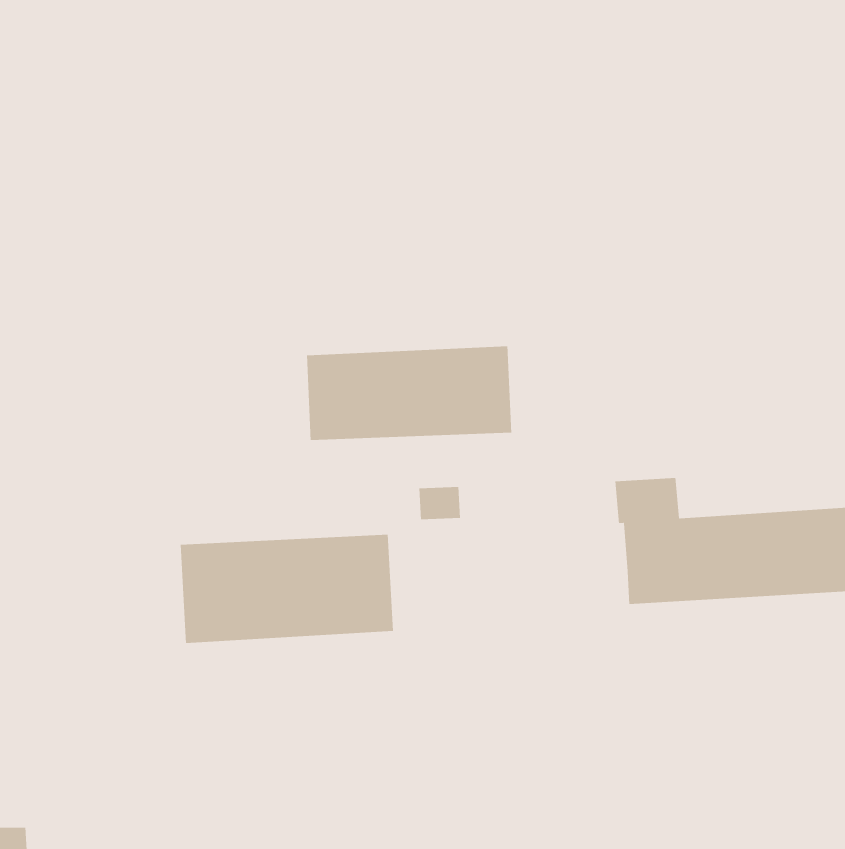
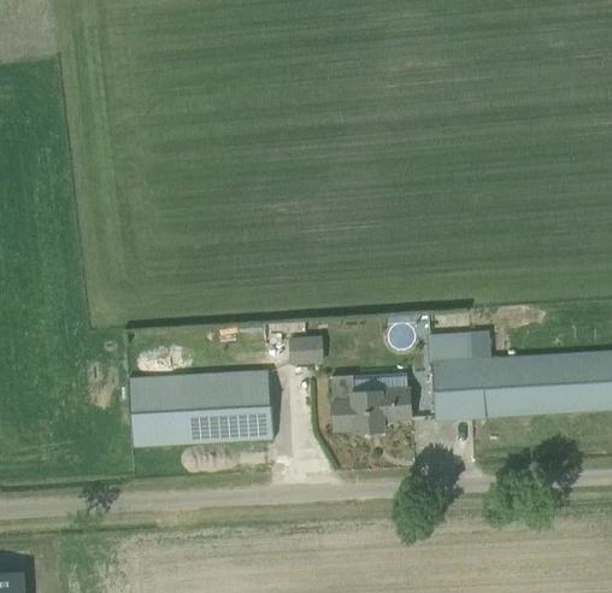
building: [306,346,512,441] -> none
building: none -> [333,376,411,433]

